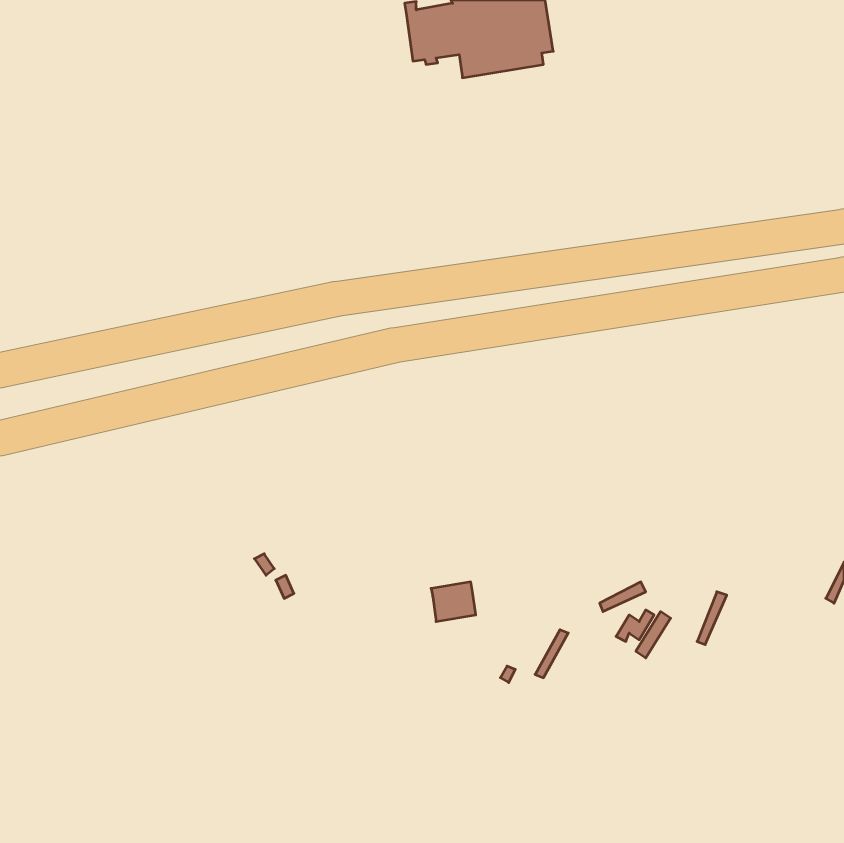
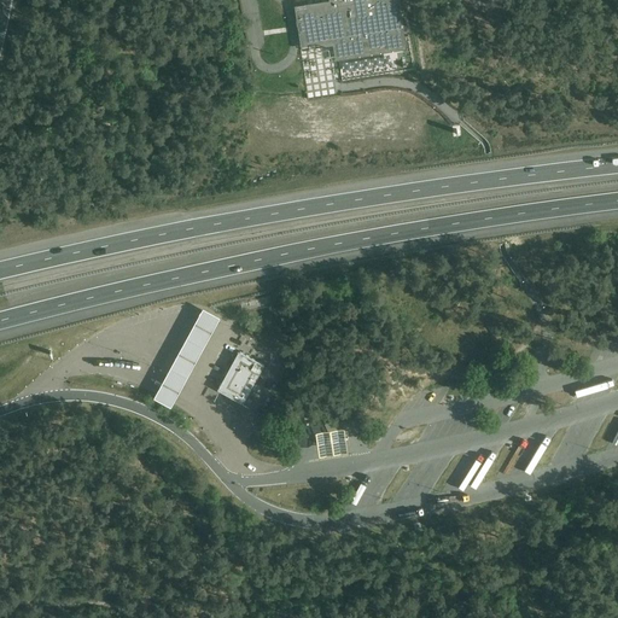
building: none -> [152,307,222,408]
building: none -> [217,352,263,404]

